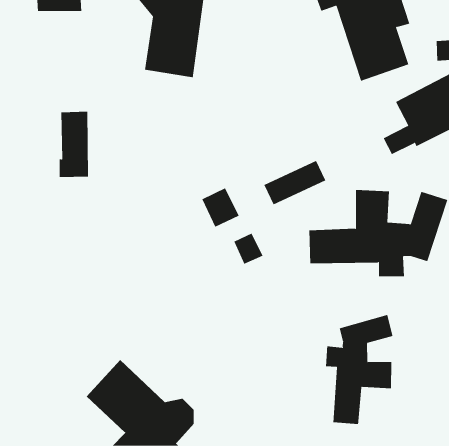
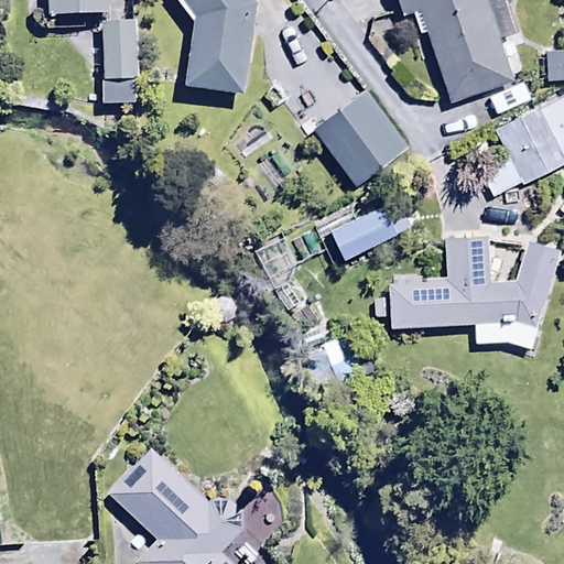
building: none -> [313,87,409,184]
building: [59,111,89,178] -> [101,20,139,102]
building: [326,314,393,425] -> none

